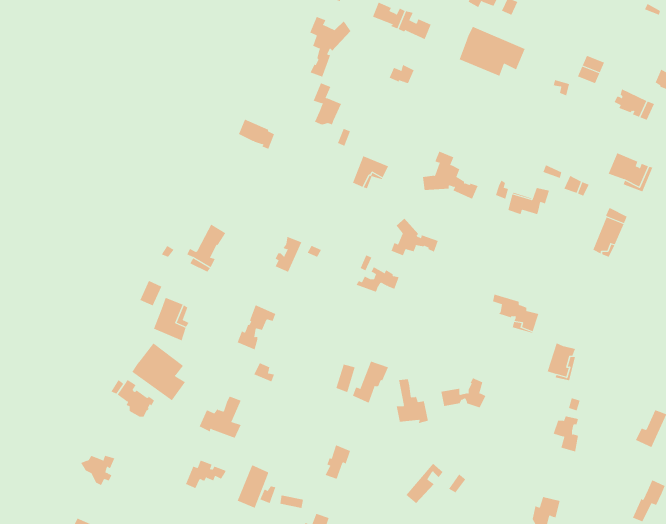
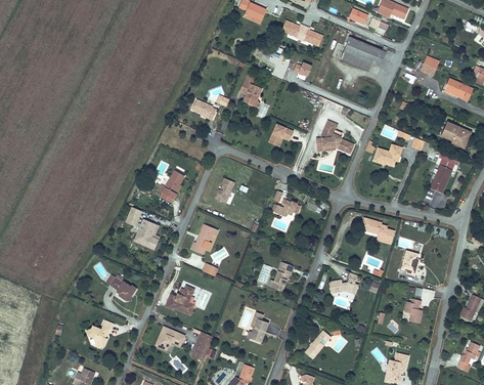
building: [309,16,351,77] -> none
building: [391,218,439,256] -> none
building: [132,343,186,401] -> none
building: [396,378,428,424] -> none

